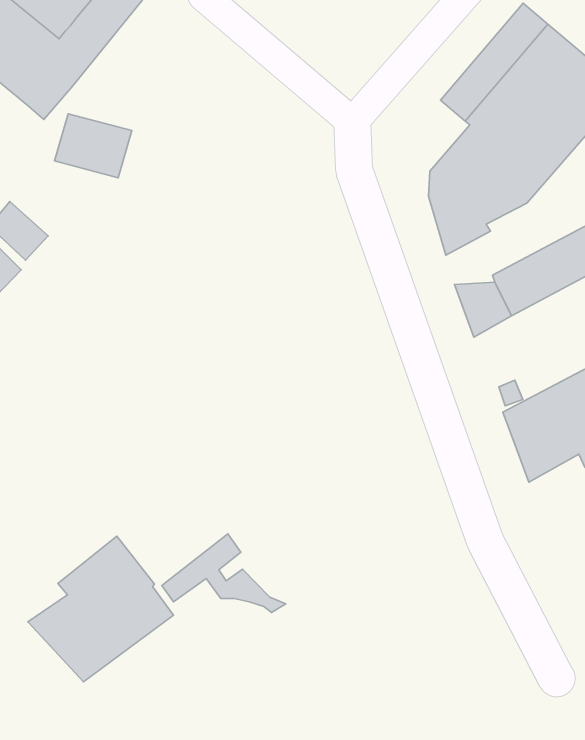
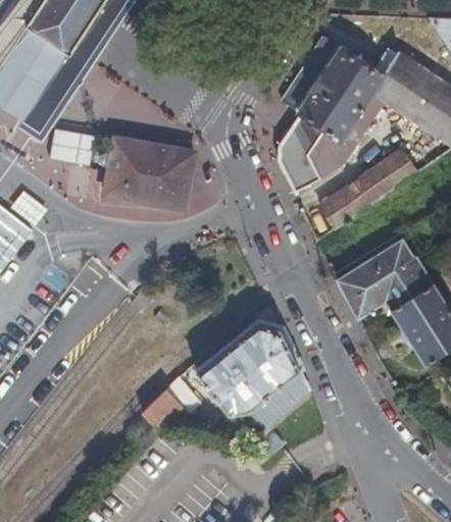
building: none -> [109,135,203,208]
building: none -> [198,323,310,430]
building: [28,536,174,682] -> none

